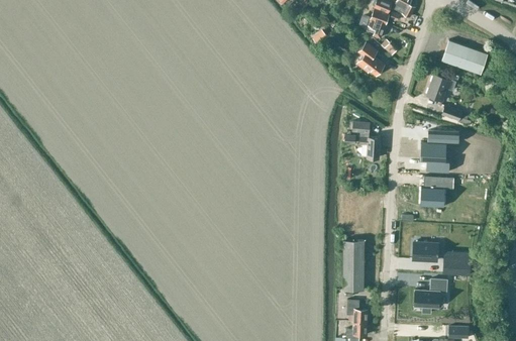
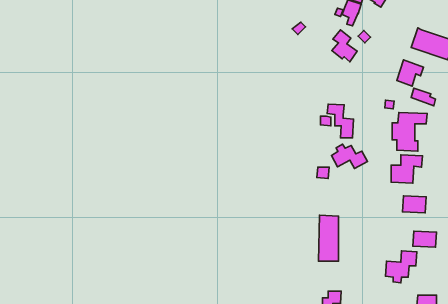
building: none -> [331,144,368,169]
building: [412,242,437,260] -> [403,196,426,213]
building: [346,299,367,322] -> none

